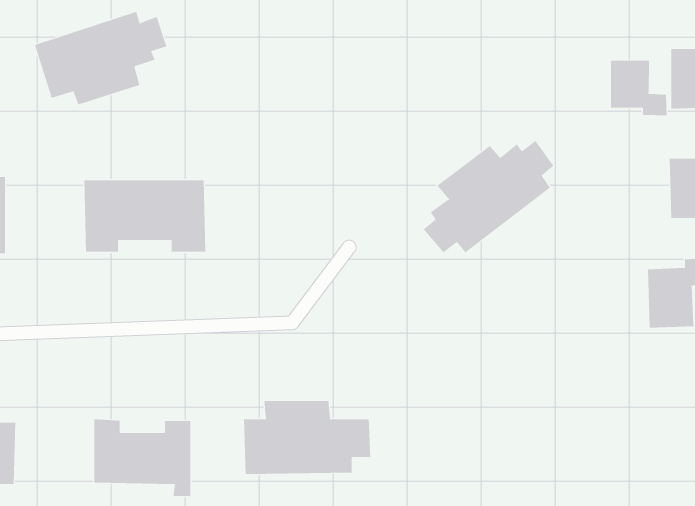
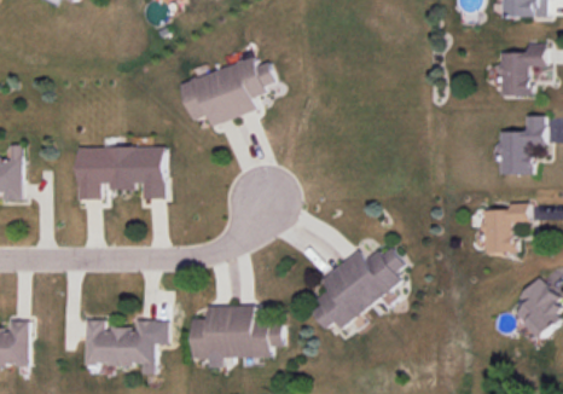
building: [34,11,167,105] -> [179,57,274,124]
building: [611,60,667,116] -> none
building: [423,140,554,253] -> [309,247,404,328]

